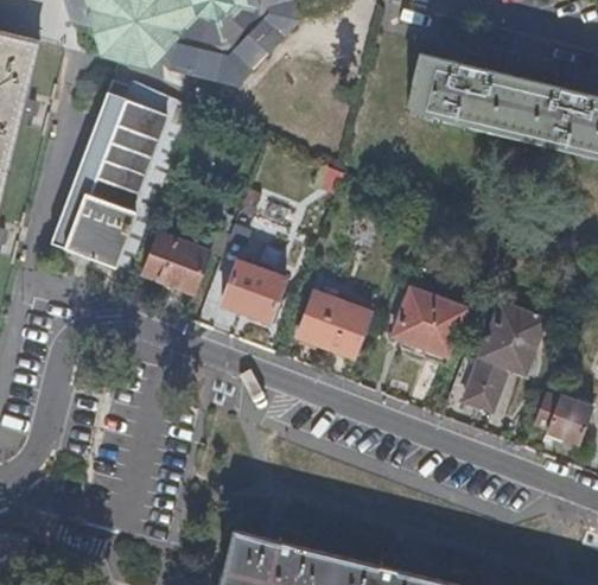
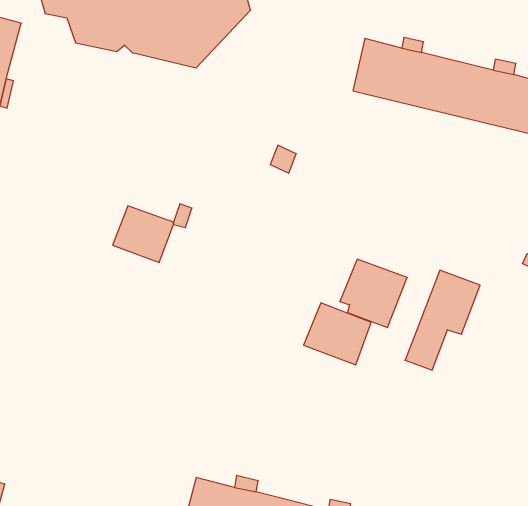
building: [47,83,192,278] -> none
building: [221,263,286,324] -> none
building: [295,292,369,360] -> [304,303,371,365]
building: [530,395,591,446] -> none

